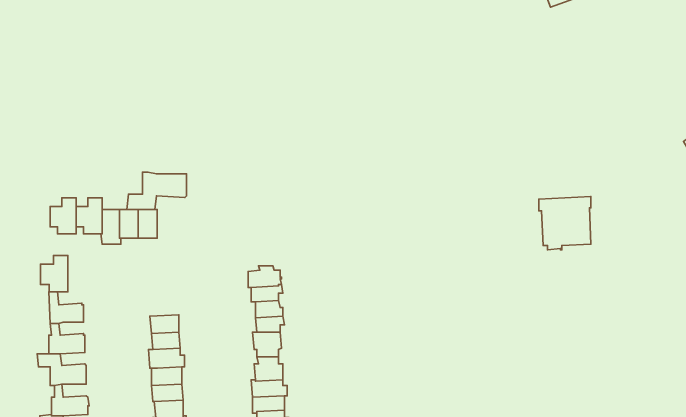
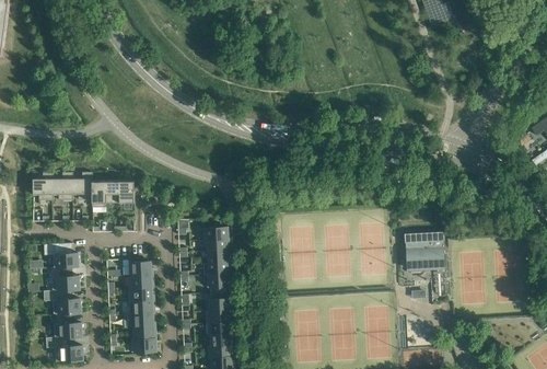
building: [127,172,187,209] -> none
building: [539,196,591,250] -> [405,231,444,272]
building: [40,256,68,292] -> [33,172,54,199]

